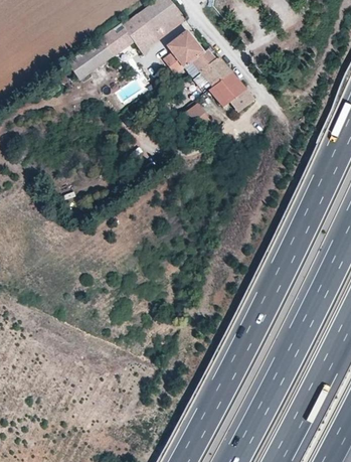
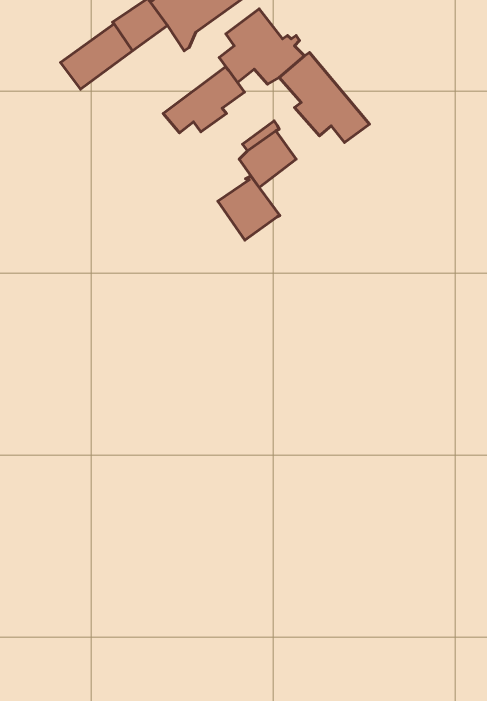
building: none -> [163,67,244,133]
building: none -> [218,176,280,240]

